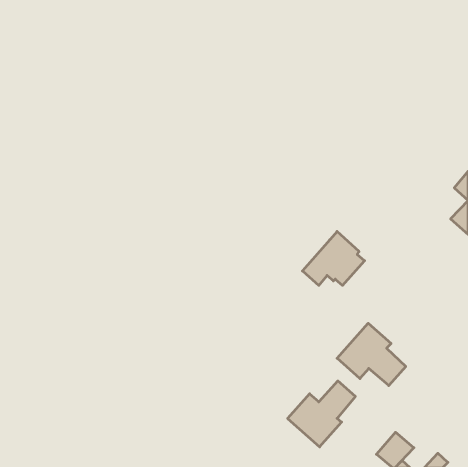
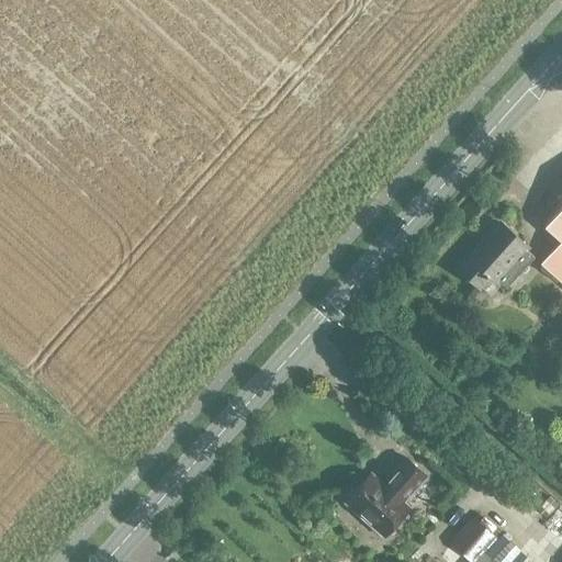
building: [302,231,365,285] -> [458,222,532,286]
building: [337,323,406,386] -> none

